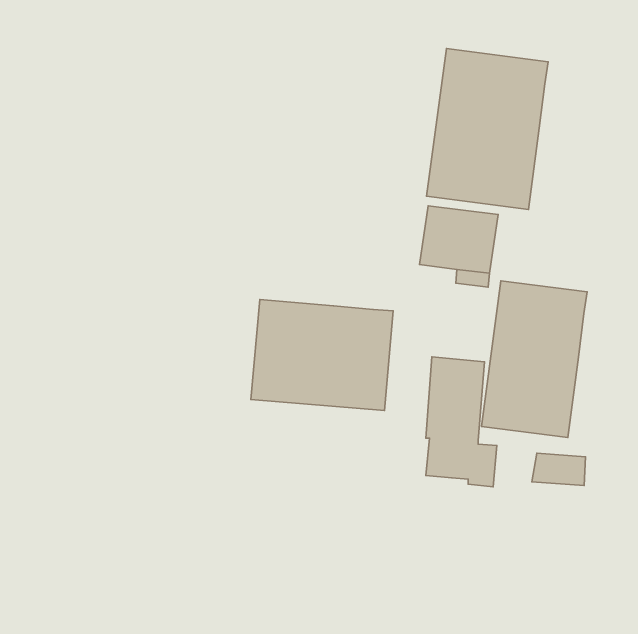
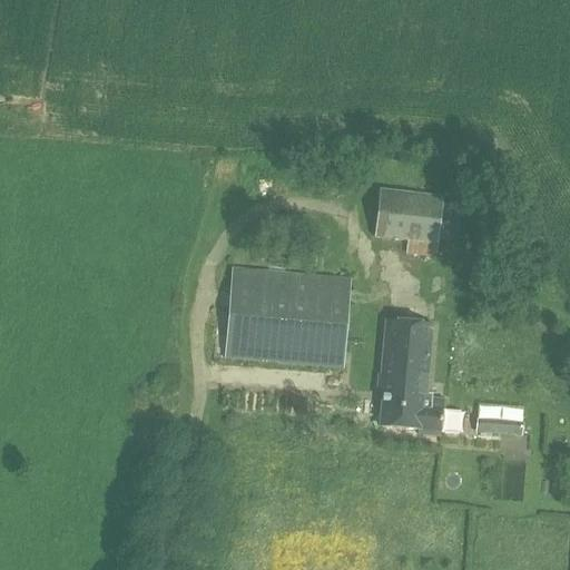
building: [427,49,548,209] -> none
building: [482,281,587,438] -> none

